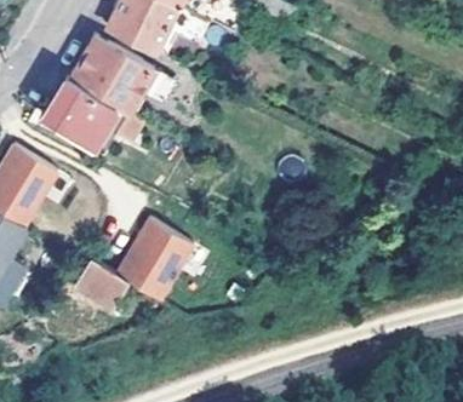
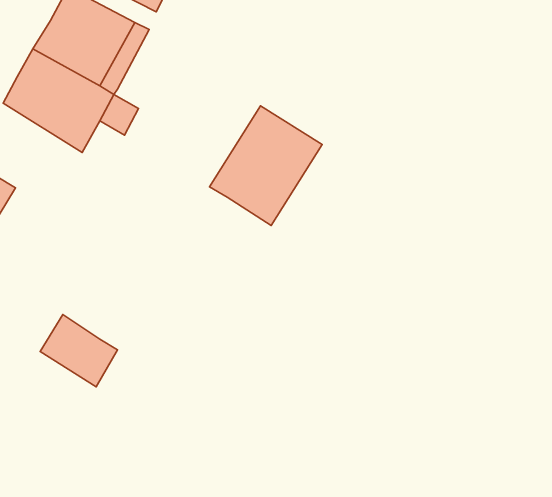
building: [114,217,192,299] -> [210,106,322,225]

